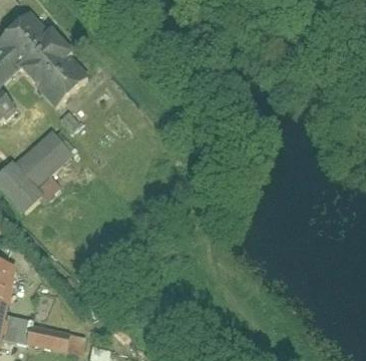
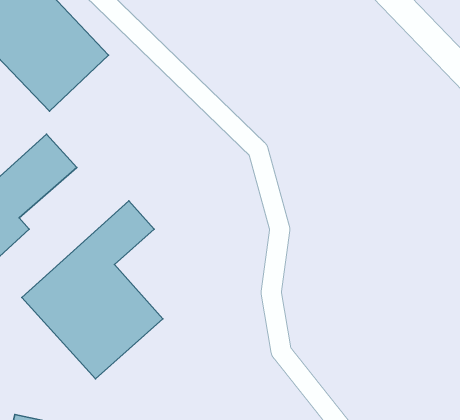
building: none -> [22,201,163,379]

